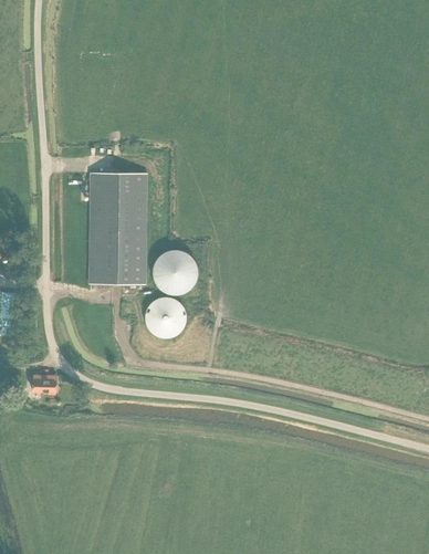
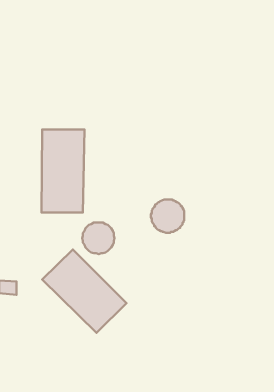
building: [153,250,197,294] -> [151,200,184,233]
building: none -> [42,249,127,333]

